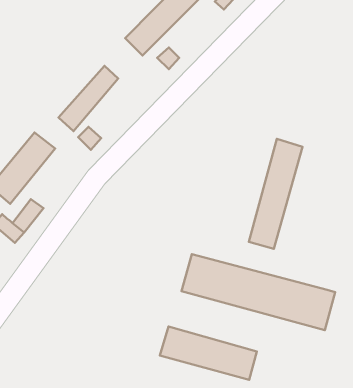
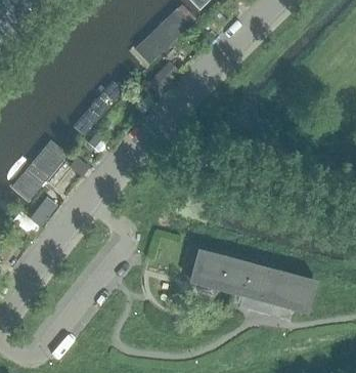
building: [249,139,302,249] -> none
building: [160,327,257,380] -> none

